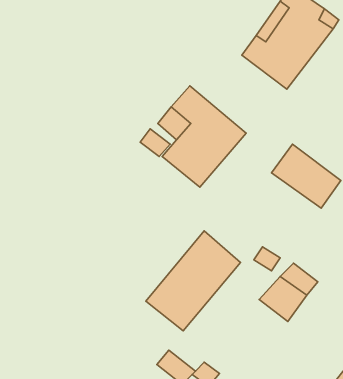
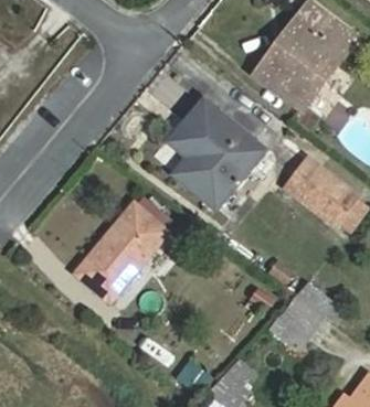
building: [146,231,241,331] -> [74,201,169,301]

